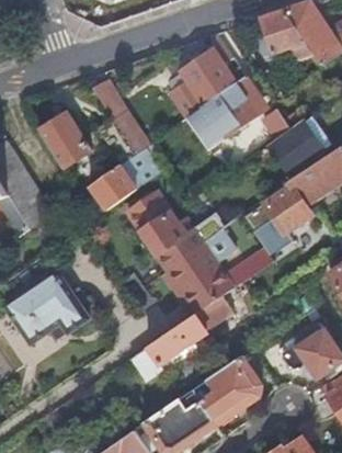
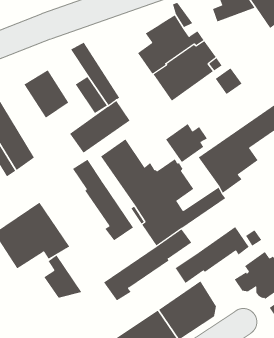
building: [267,129,317,175] -> [165,123,208,163]
building: none -> [72,159,134,241]
building: none -> [175,226,249,284]
building: none -> [43,255,82,299]

